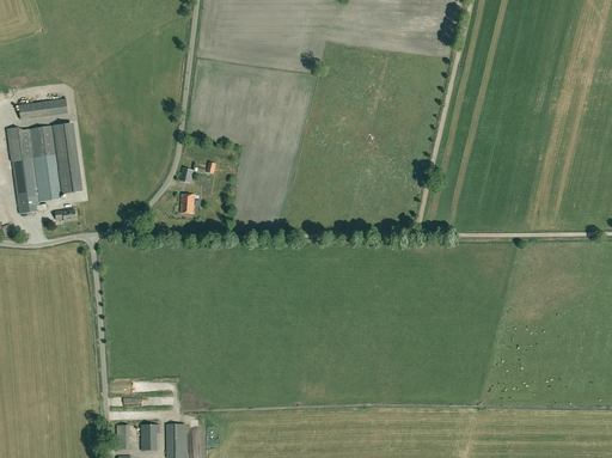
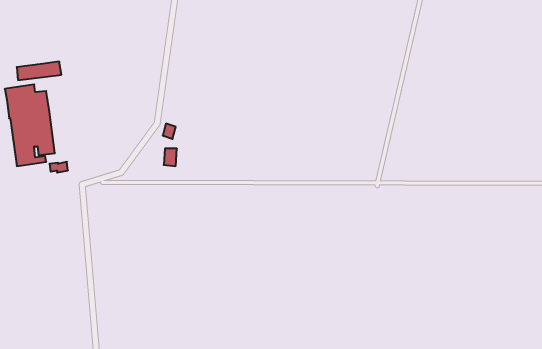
building: [54,122,80,193] -> none

